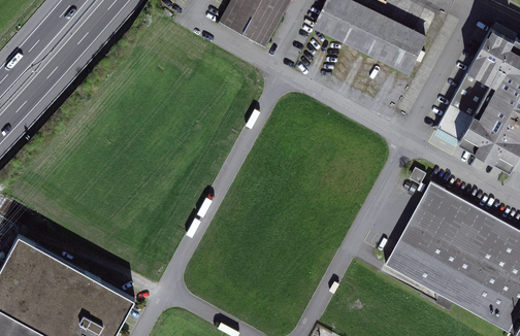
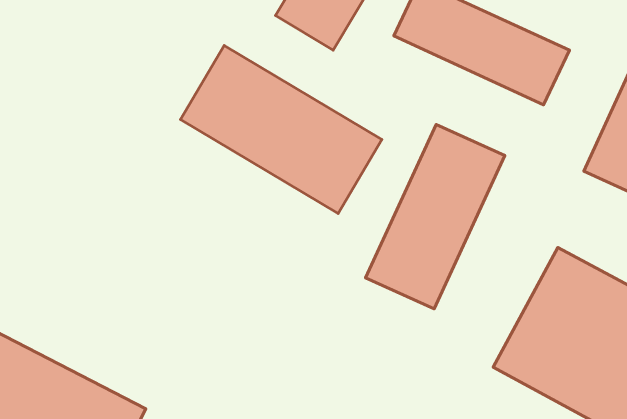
building: none -> [180,46,382,213]
building: none -> [366,125,505,309]

